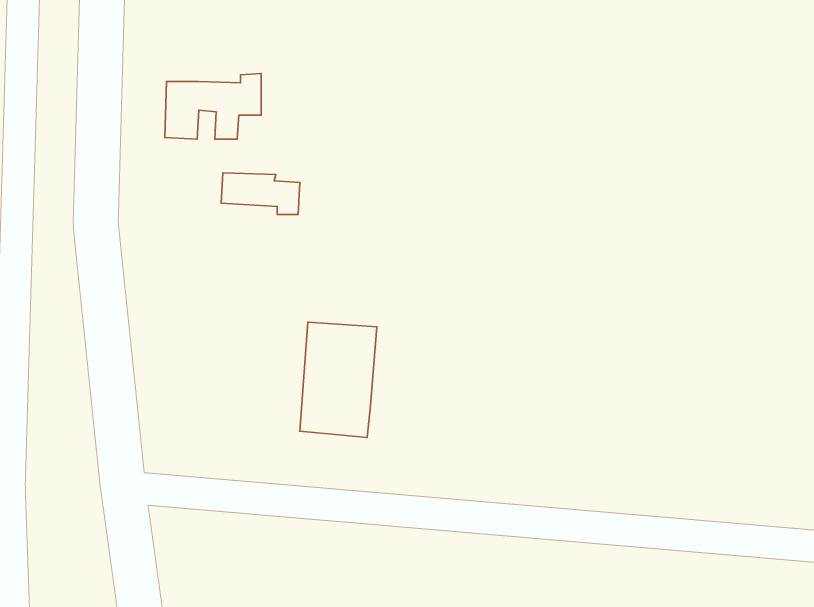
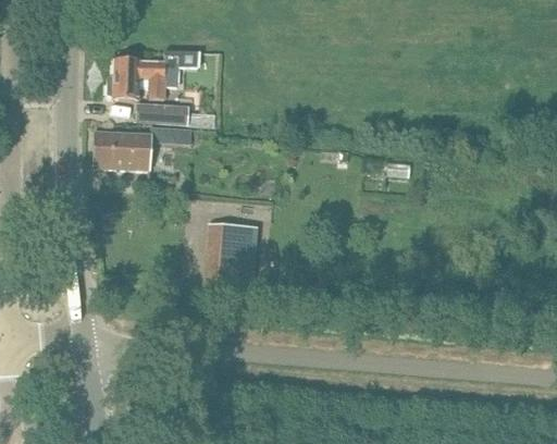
building: none -> [136,102,188,122]
building: none -> [92,131,150,170]

